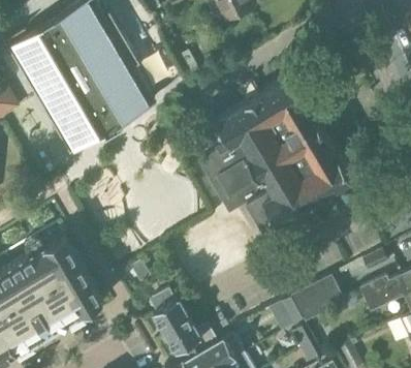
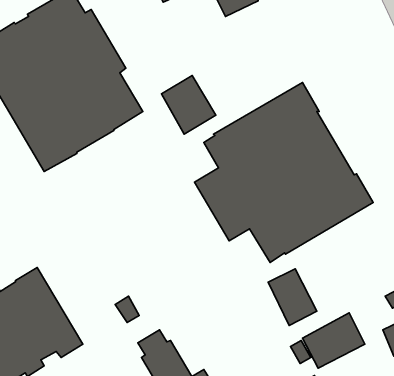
building: none -> [161,76,216,134]
building: none -> [268,269,317,326]

